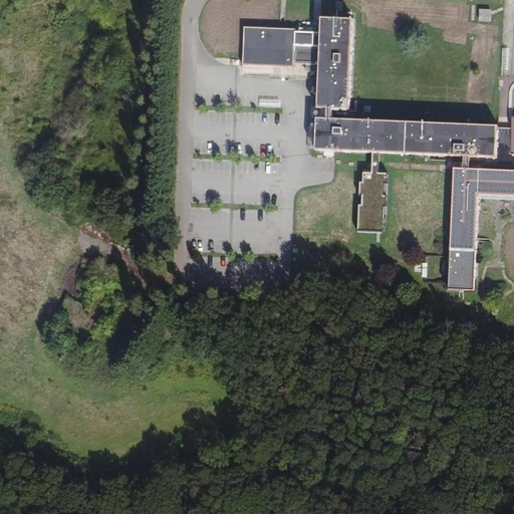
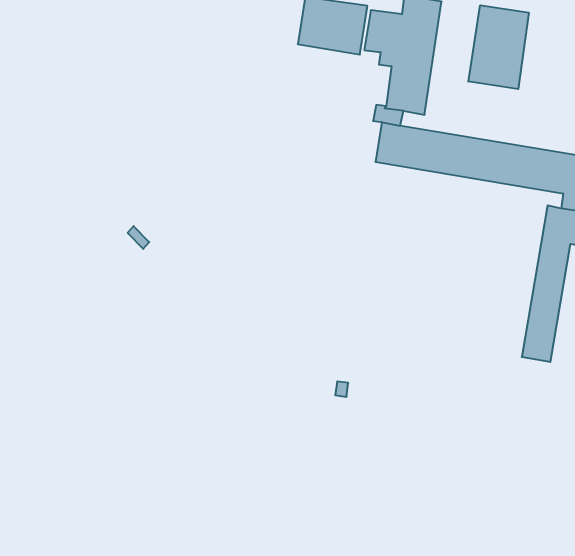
building: none -> [468,5,529,89]
building: [358,152,387,229] -> none

